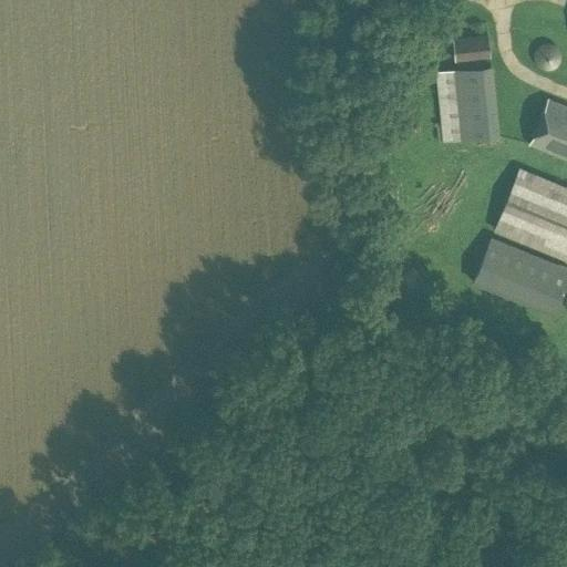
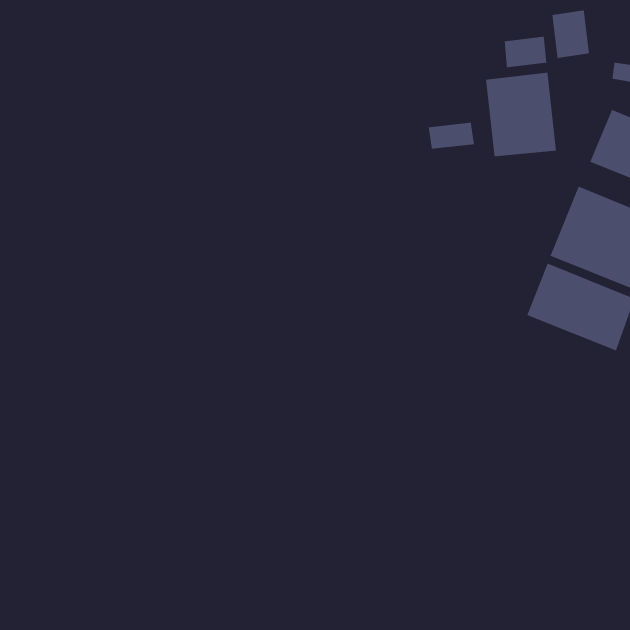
building: none -> [552,10,590,59]
building: none -> [428,122,475,150]

